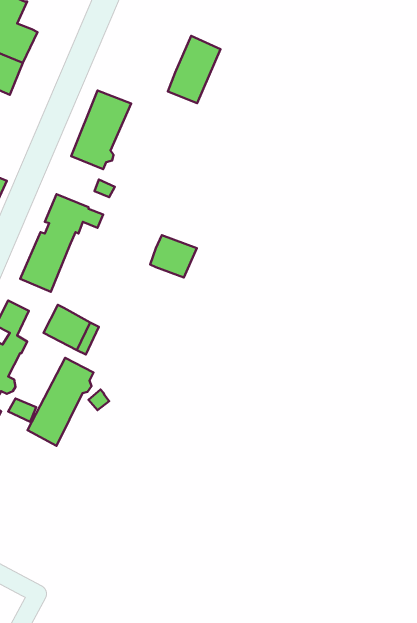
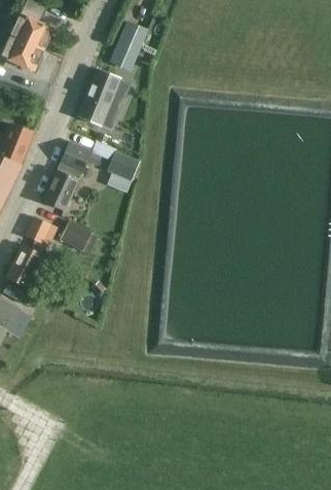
building: [168,36,221,103] -> [110,22,147,69]
building: [150,235,197,277] -> [107,151,140,181]
building: [27,358,94,446] -> none

